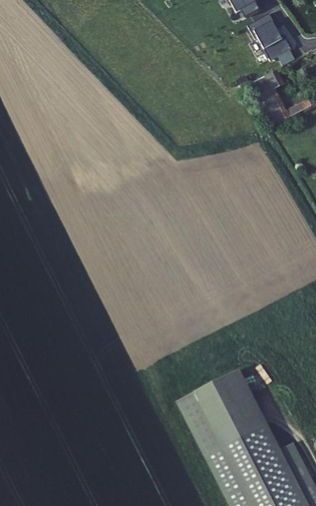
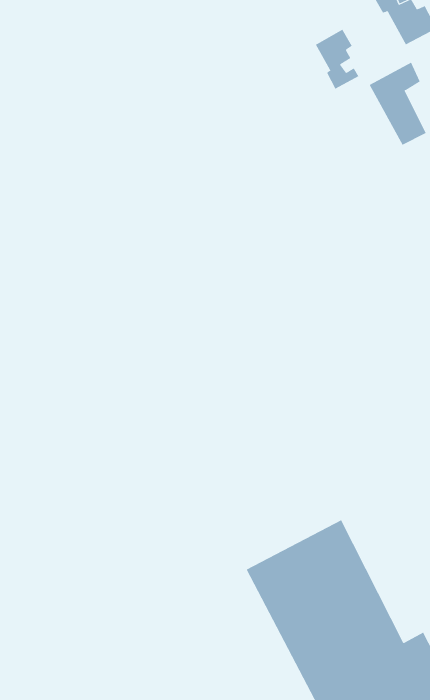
building: none -> [315,29,359,90]

